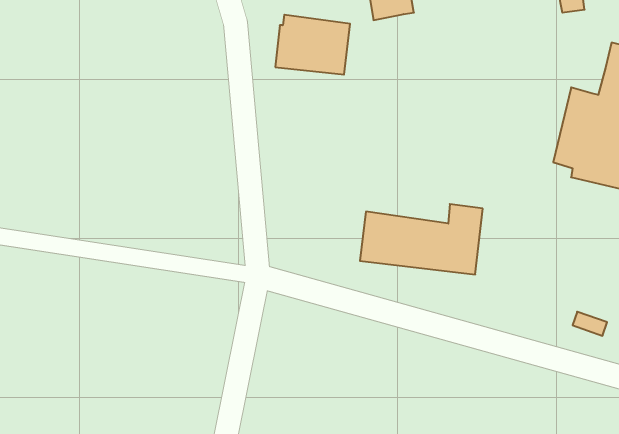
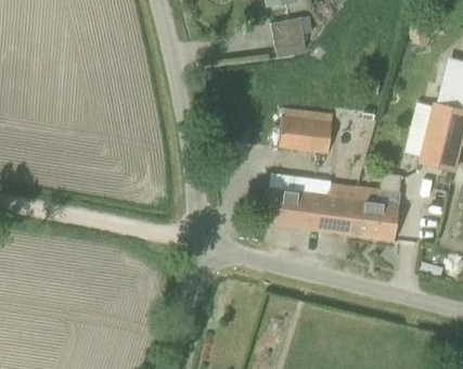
building: [275,15,350,75] -> [279,109,333,152]
building: none -> [348,186,400,240]

